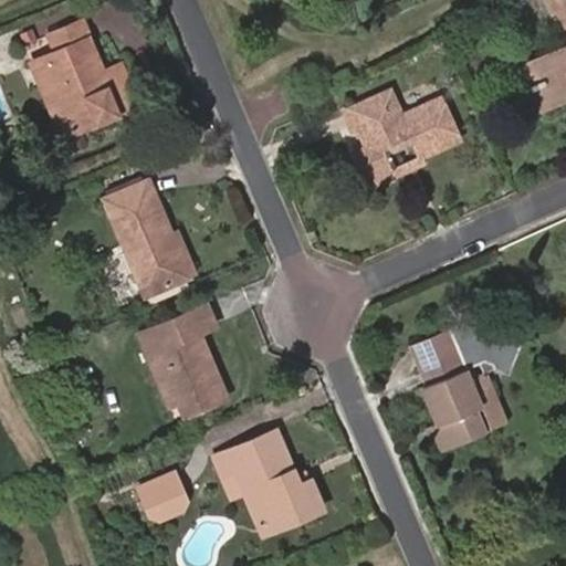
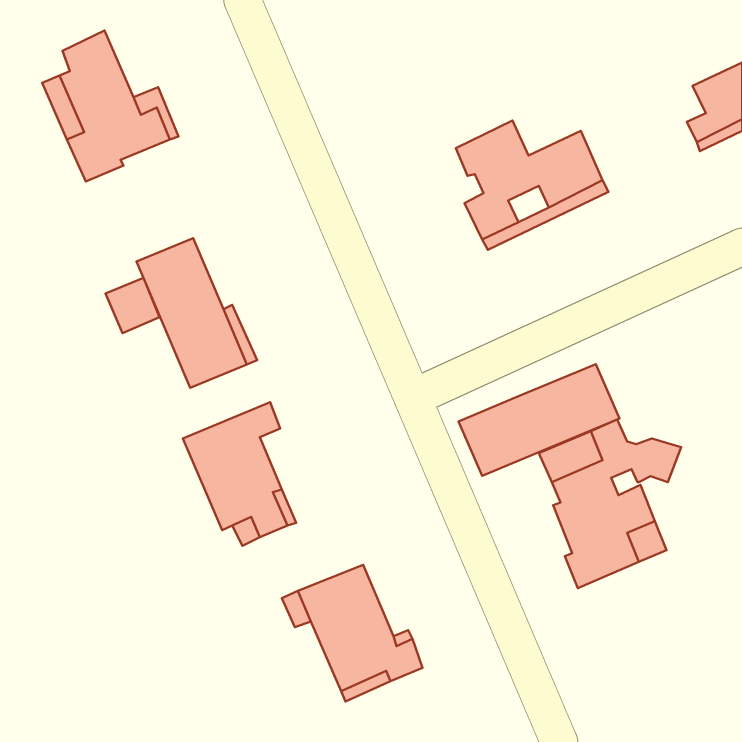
building: none -> [105,278,159,333]
building: none -> [458,364,620,476]
building: [138,470,187,518] -> none

